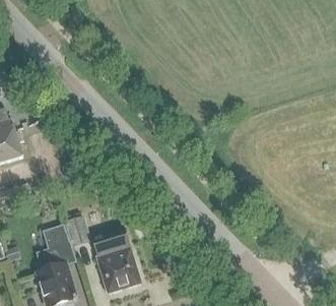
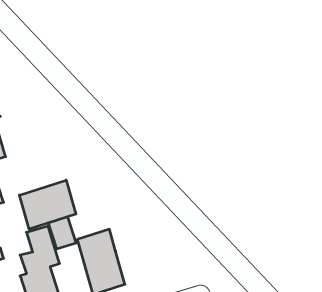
building: none -> [19,180,76,229]

